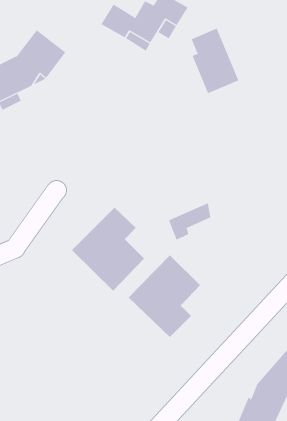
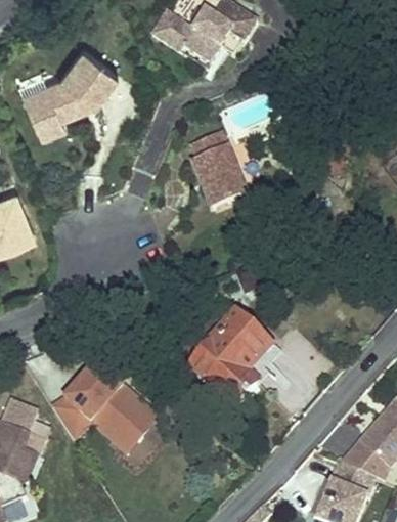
building: [191,28,239,94] -> [192,132,249,209]
building: [71,207,145,291] -> none
building: none -> [50,364,157,454]

